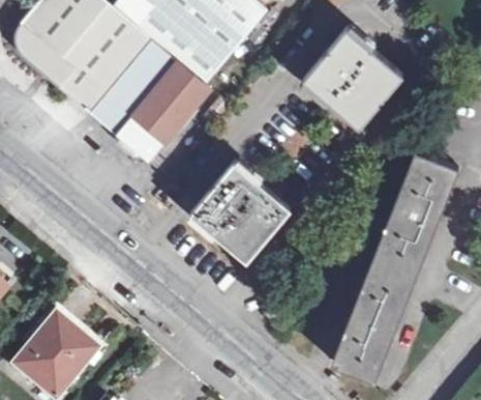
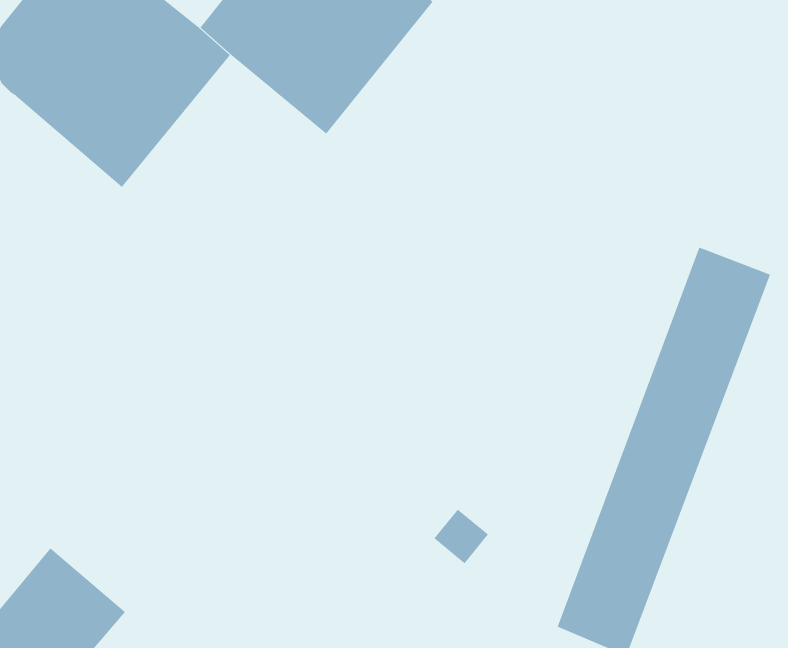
building: [302,25,402,125] -> none
building: [92,38,208,169] -> none
building: [202,164,300,262] -> none

